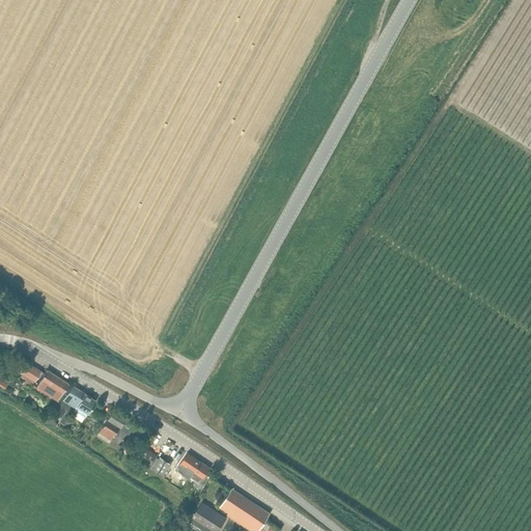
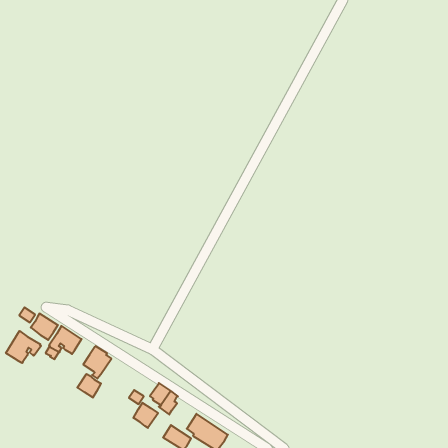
building: none -> [6,331,41,363]
building: none -> [77,374,101,398]
building: none -> [133,403,158,428]

